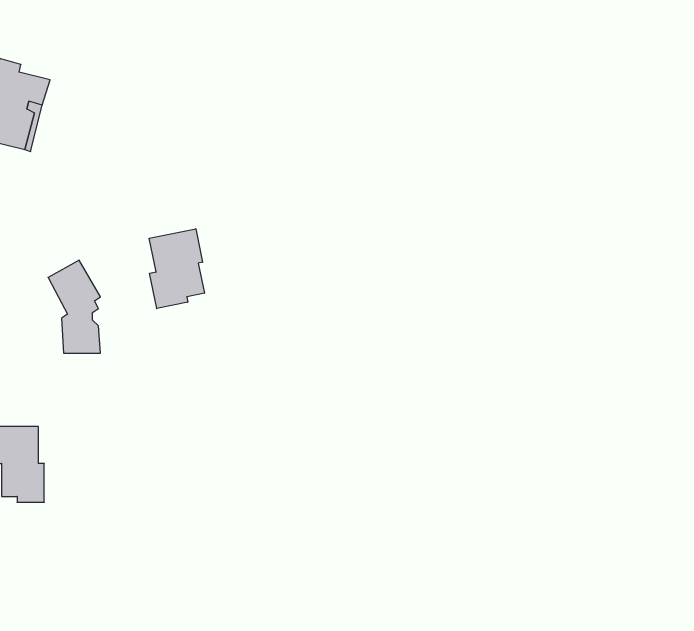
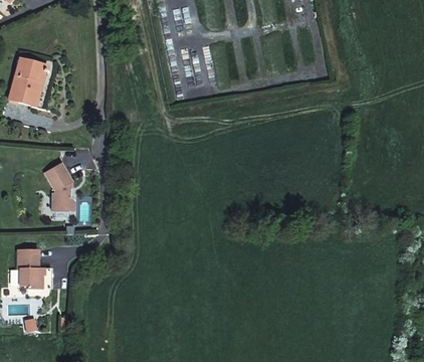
building: [149,229,204,309] -> none

